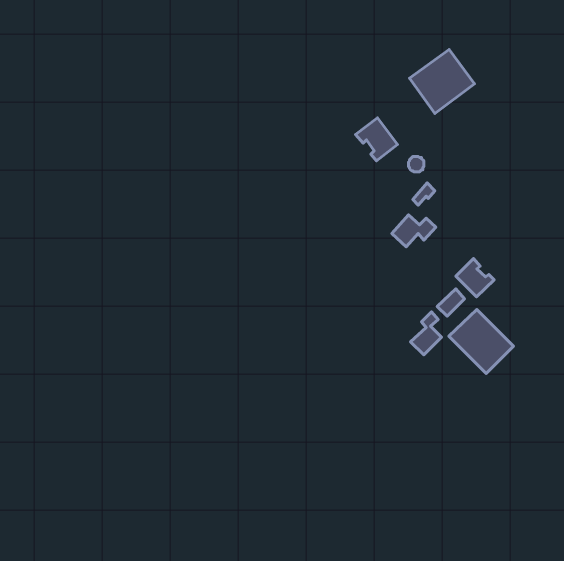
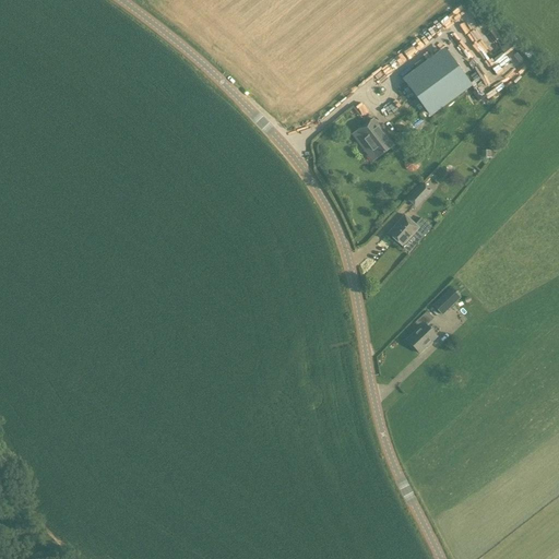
building: [456,258,494,297] -> none
building: [449,309,513,373] -> none

